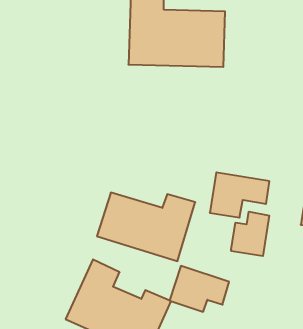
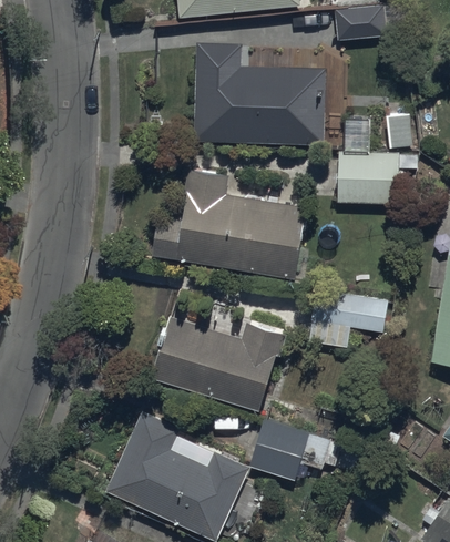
building: none -> [338,152,413,204]
building: none -> [153,168,309,279]
building: [231,212,269,256] -> none

